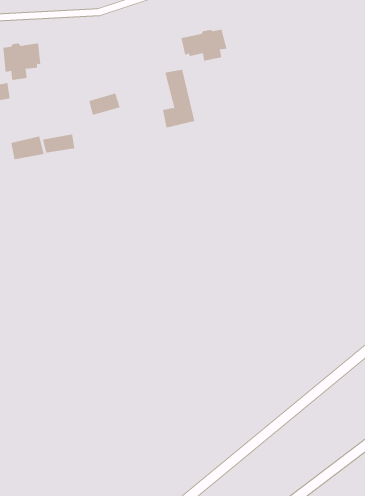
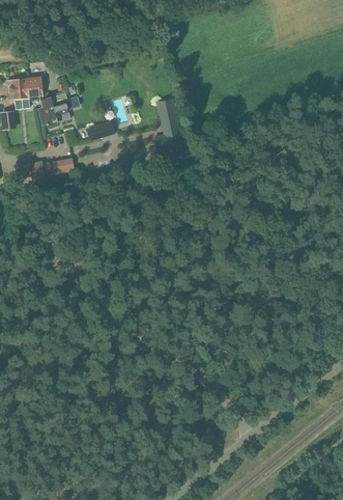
building: [181,29,227,61] -> none
building: none -> [37,92,80,128]

